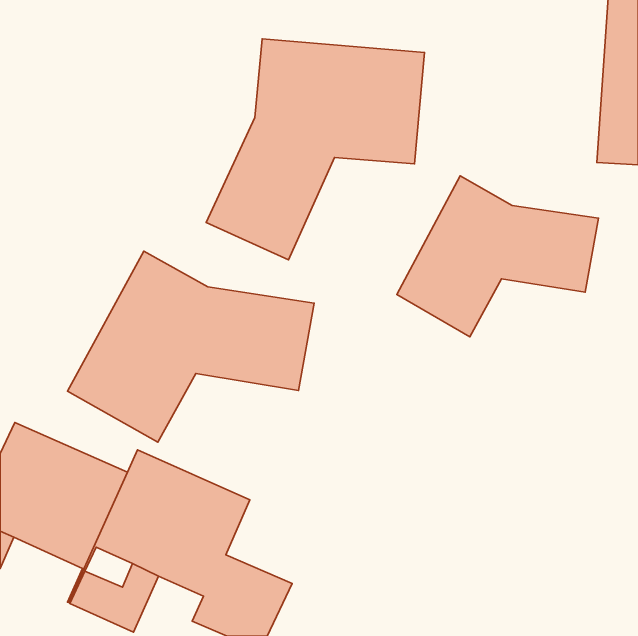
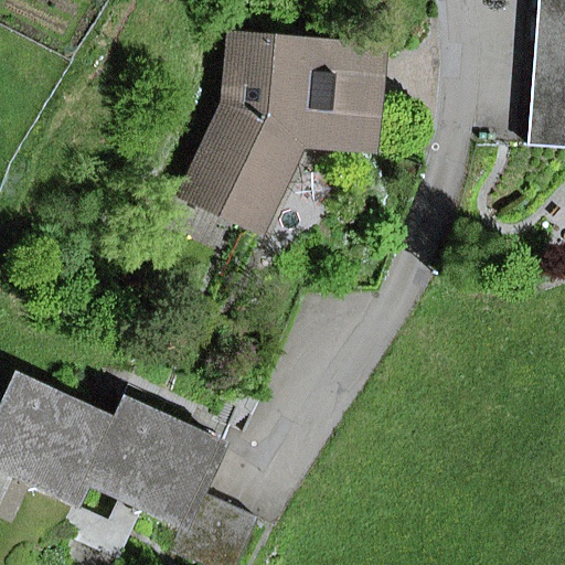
building: [397,176,598,337] -> none
building: [68,251,314,442] -> none

